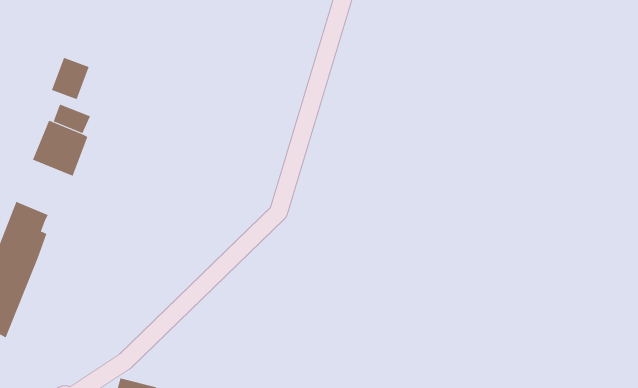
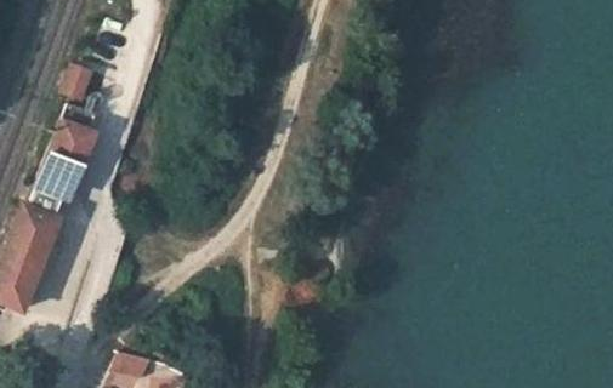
building: none -> [28,159,79,210]

